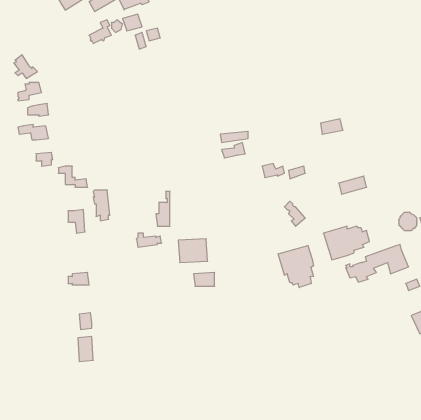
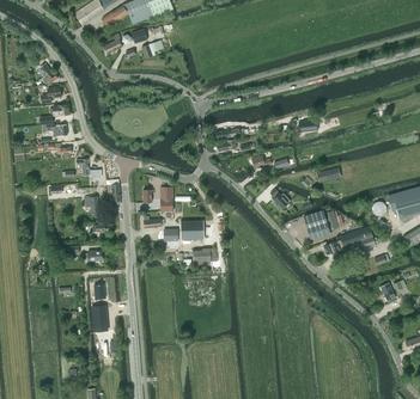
building: [278,245,314,288] -> none

